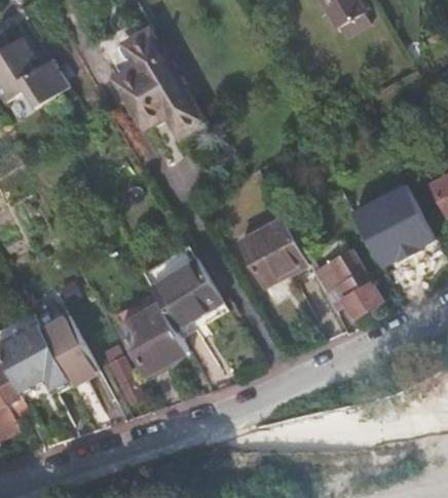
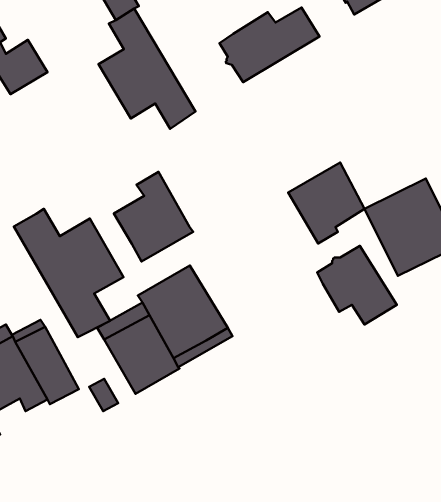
building: none -> [220,8,320,82]
building: none -> [114,172,193,261]
building: none -> [14,209,124,337]
building: [238,218,306,290] -> [288,162,364,243]

